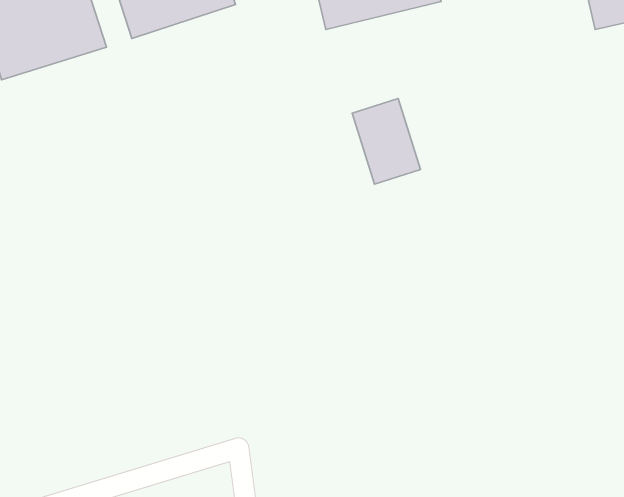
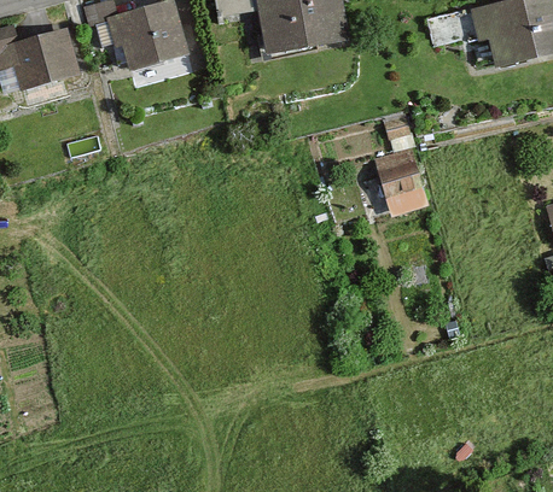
building: [352,99,420,184] -> [369,147,425,217]

